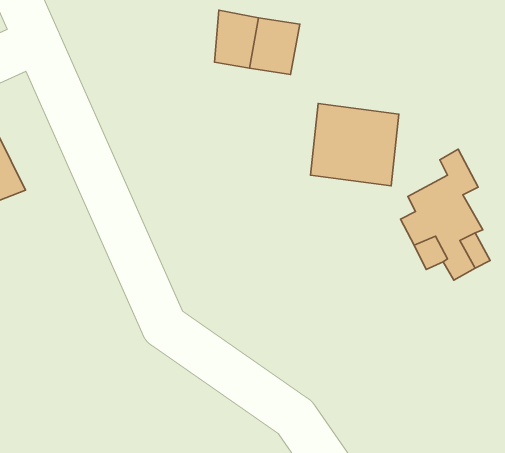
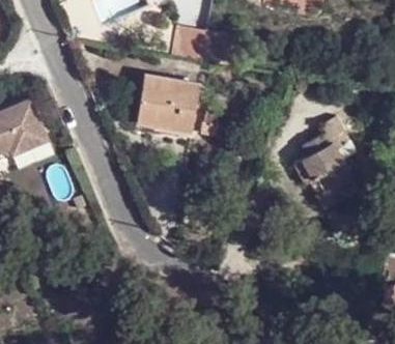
building: [311,104,399,186] -> [139,73,199,128]

